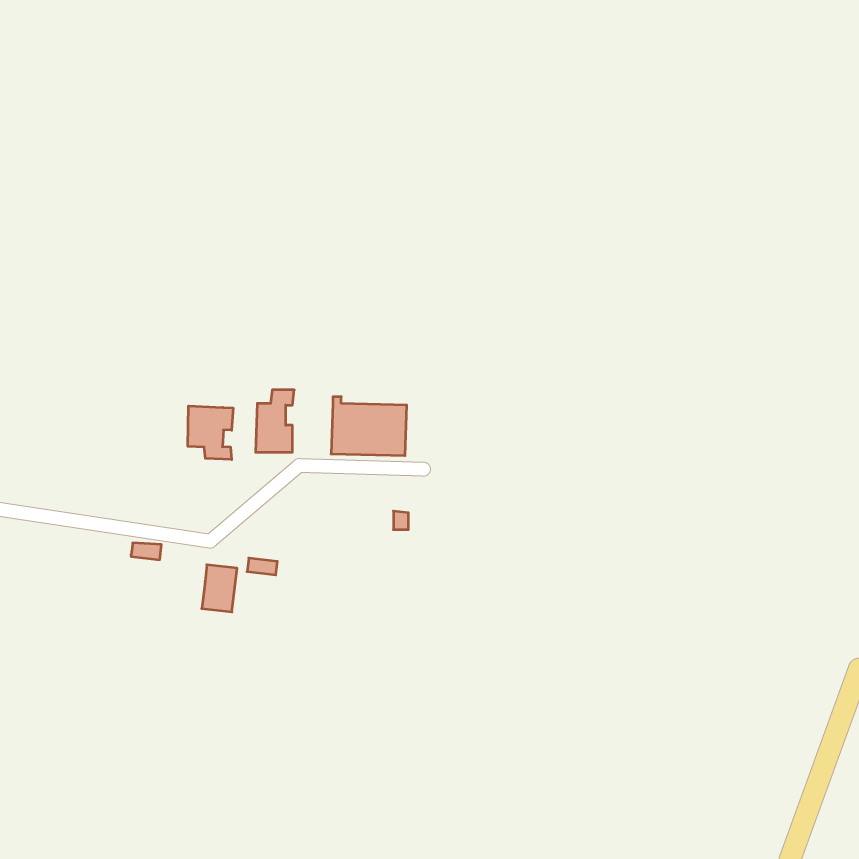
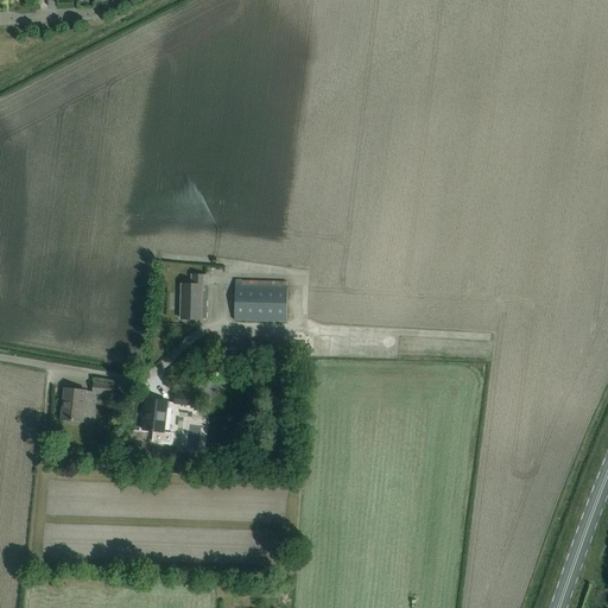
building: [188,406,233,460] -> none
building: none -> [61,388,86,422]

